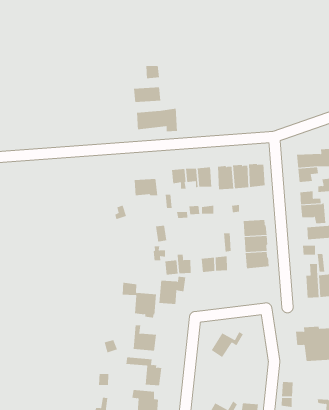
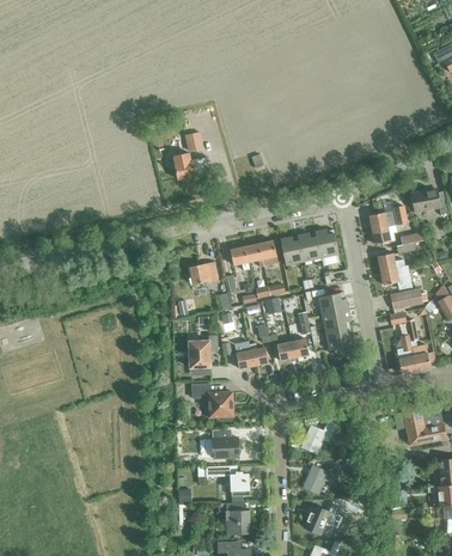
building: [136,108,178,132] -> none
building: [158,276,186,304] -> [189,335,218,368]
building: none -> [303,462,337,494]

